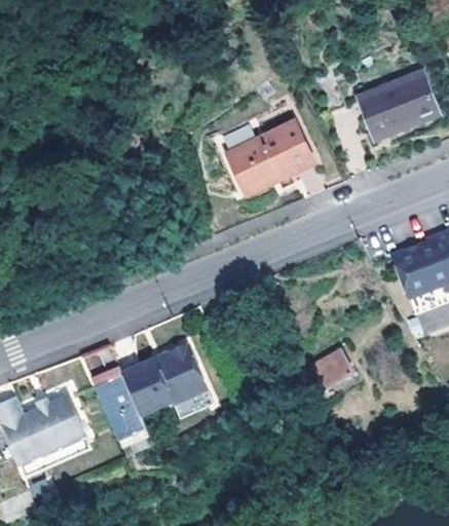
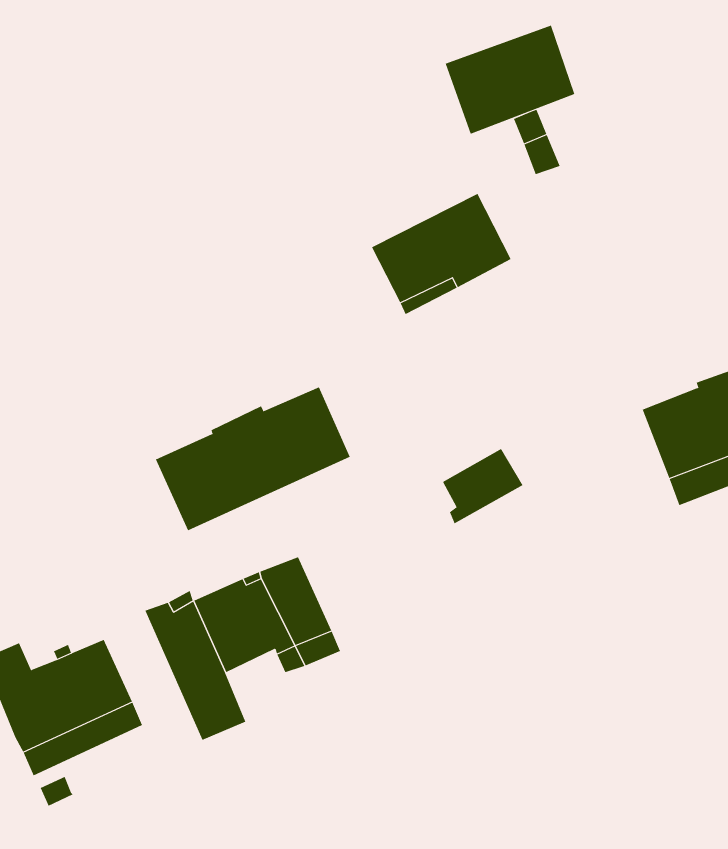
building: [358,71,437,138] -> [445,25,575,135]
building: none -> [155,386,351,531]
building: [302,347,351,393] -> [442,448,523,524]

